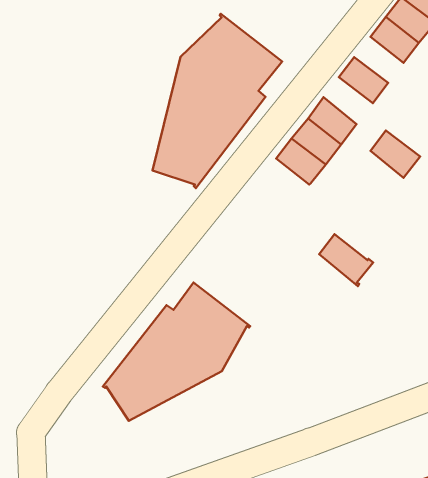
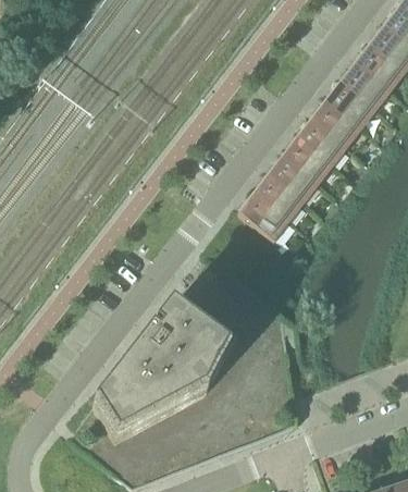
building: [152,14,282,188] -> none
building: none -> [327,79,373,122]
building: [371,131,420,178] -> [299,116,345,160]
building: [319,234,373,286] -> [242,192,292,239]

